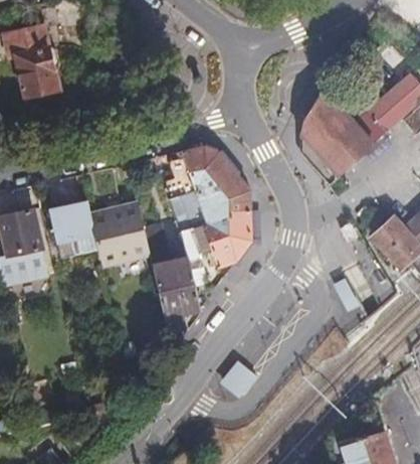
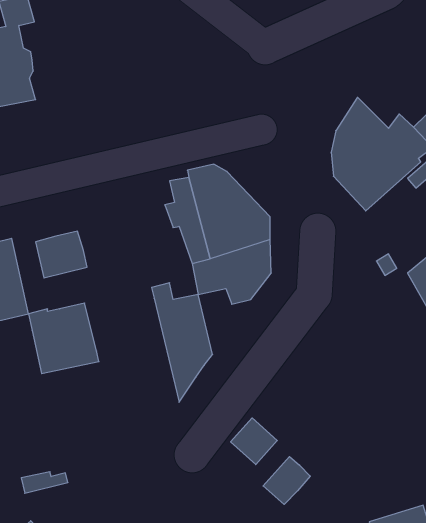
building: [94,208,154,268] -> [28,303,99,374]
building: none -> [263,457,310,504]

